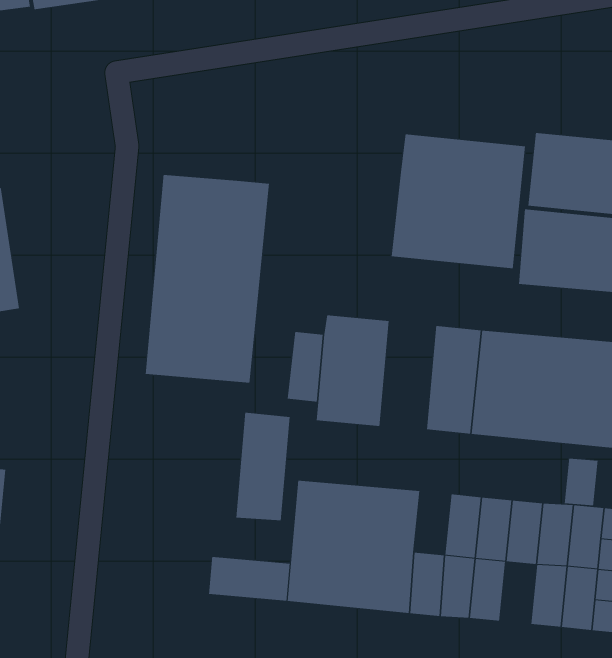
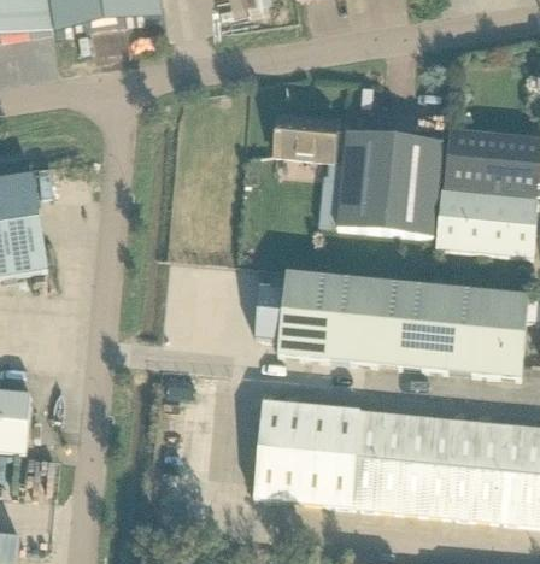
building: none -> [274,113,346,160]
building: [145,174,269,383] -> none
building: [235,412,291,521] -> [327,277,370,363]
building: [564,458,598,506] -> none
building: none -> [353,411,382,462]
building: [208,556,290,601] -> none
building: none -> [421,466,450,516]

